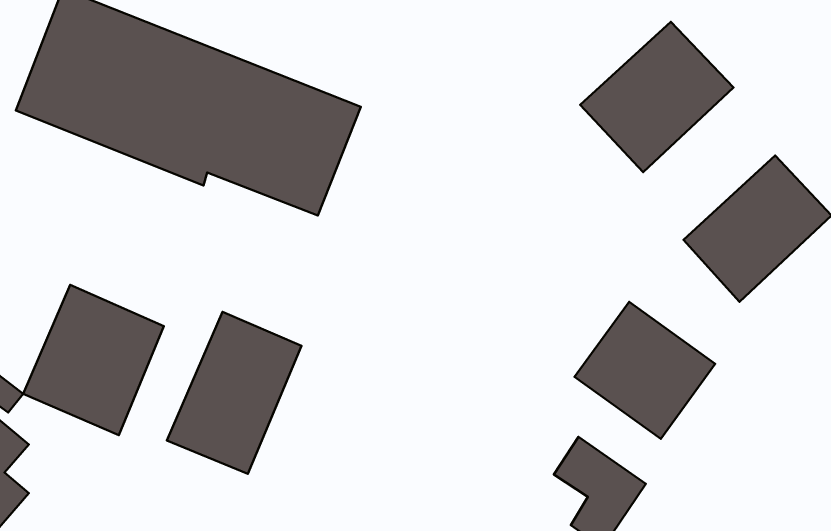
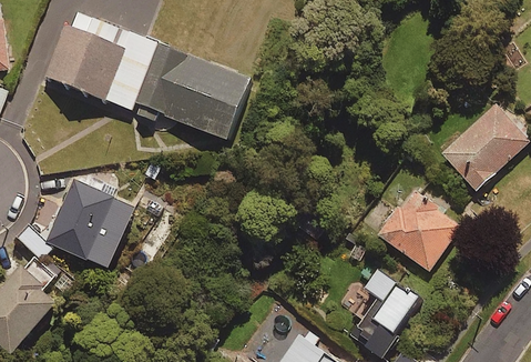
building: [580,22,733,172] -> none
building: [167,312,301,474] -> none

